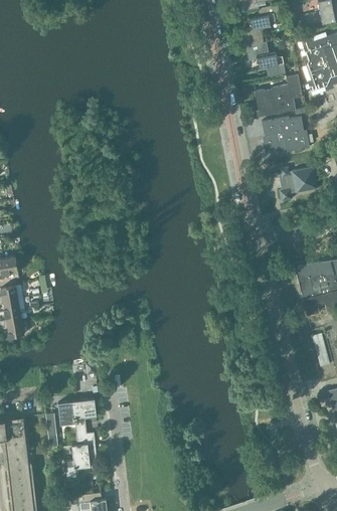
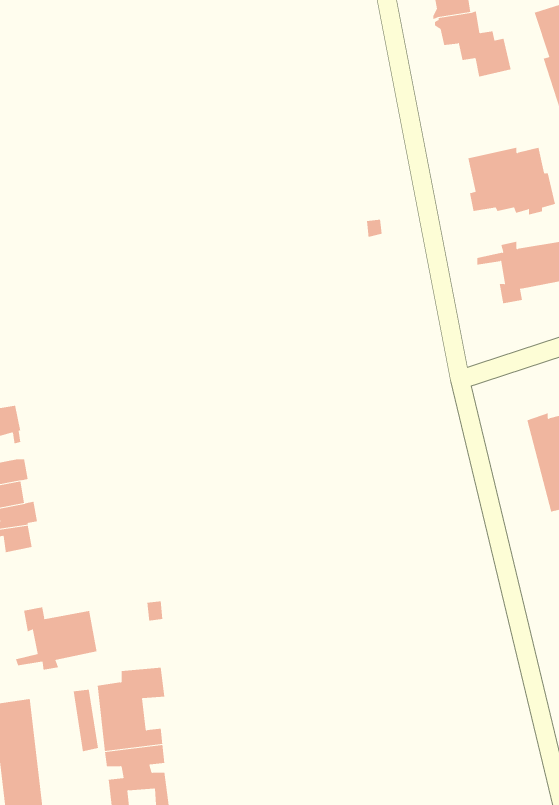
building: [255,74,302,117] -> none
building: none -> [15,607,97,670]

